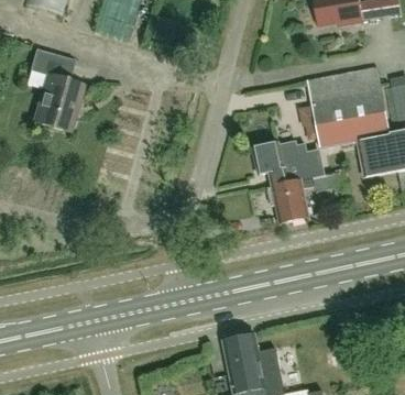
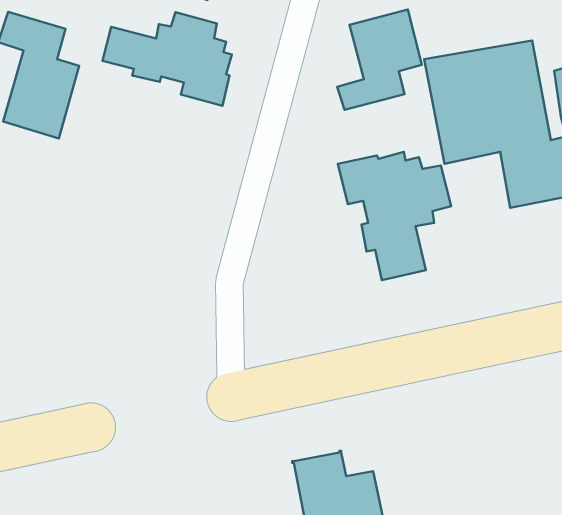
building: none -> [337,9,422,110]
building: none -> [103,12,232,106]

